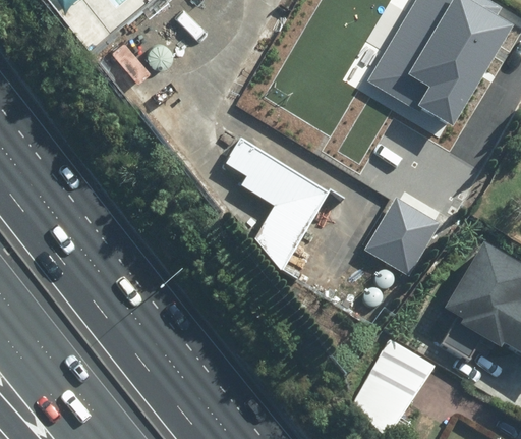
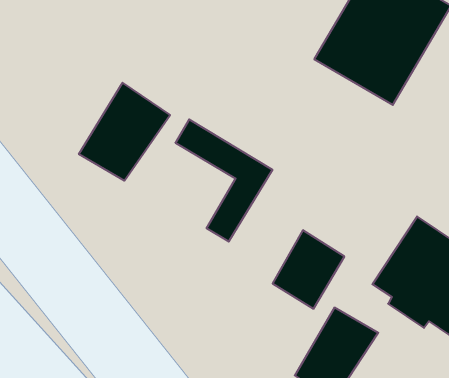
building: none -> [79,83,170,181]
building: [366,194,442,276] -> [273,230,344,309]

